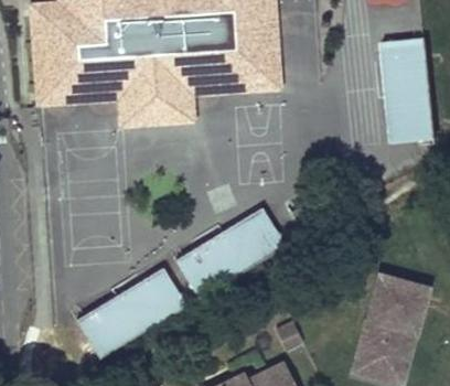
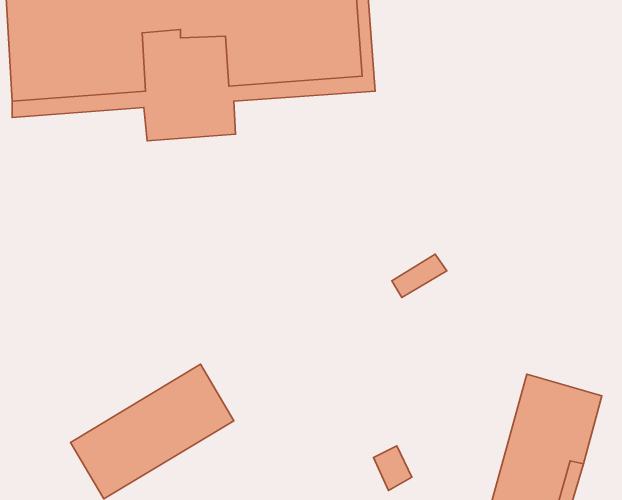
building: [382,37,435,142] -> none
building: [175,207,283,297] -> none

